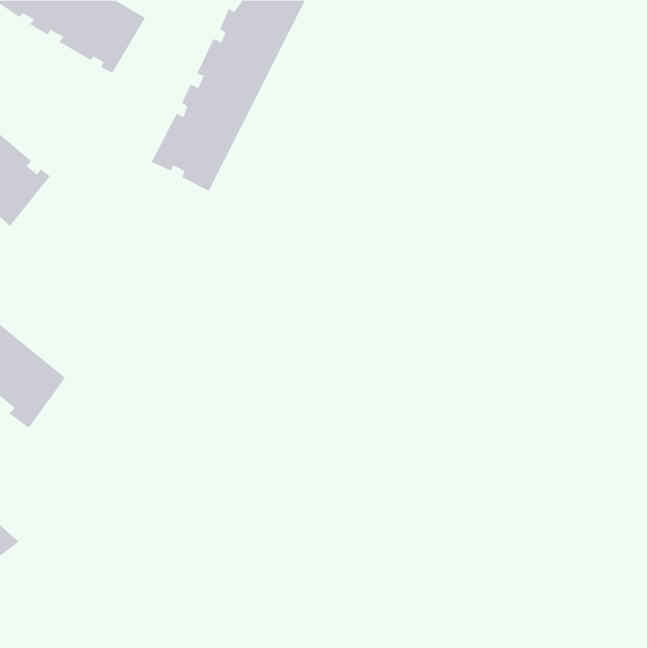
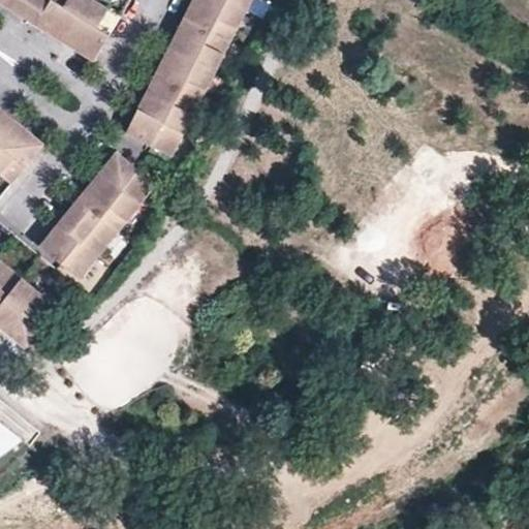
building: none -> [38,150,155,279]

